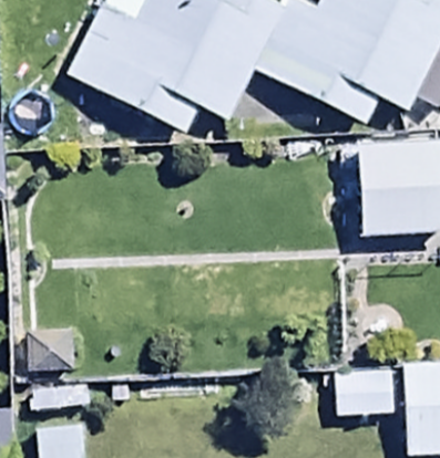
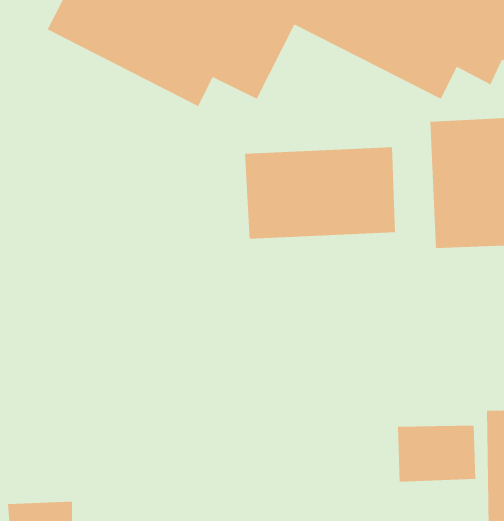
building: none -> [244,147,395,240]

